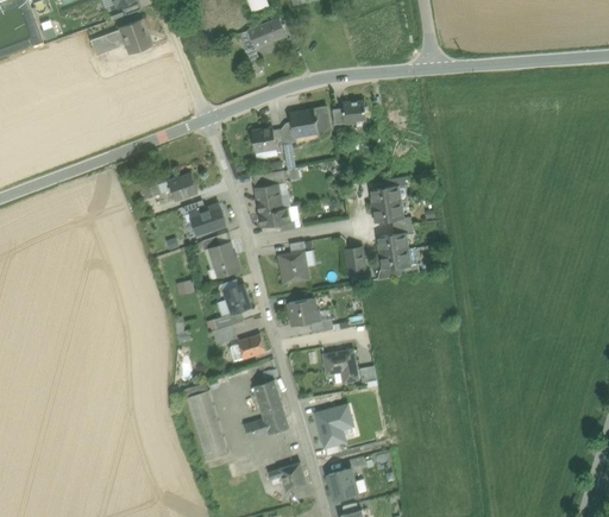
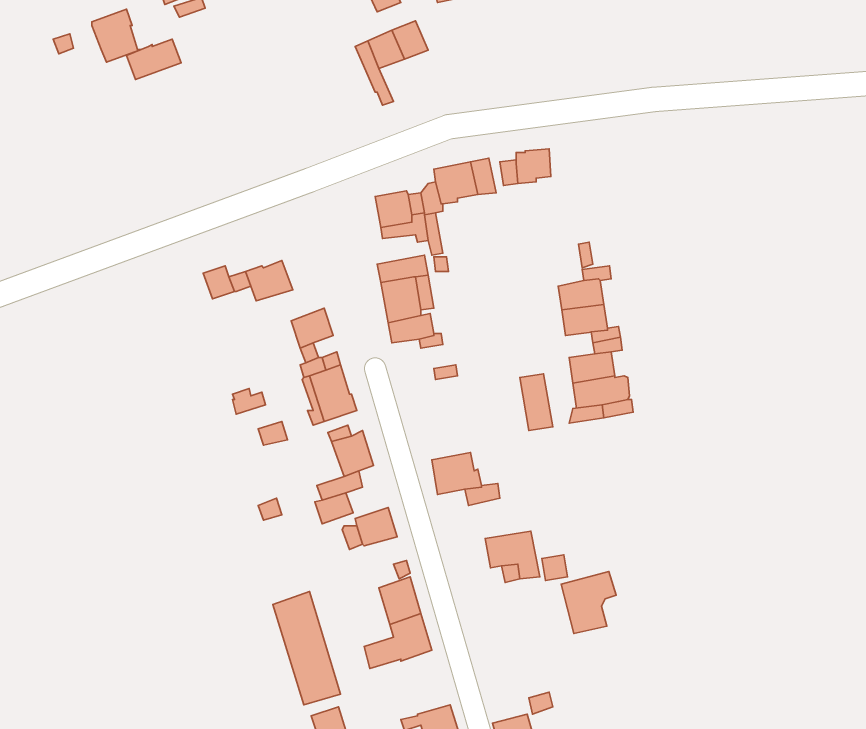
building: [119,19,151,53] -> [92,9,141,62]
building: [278,252,308,283] -> none
building: [315,405,351,446] -> [561,571,616,634]

